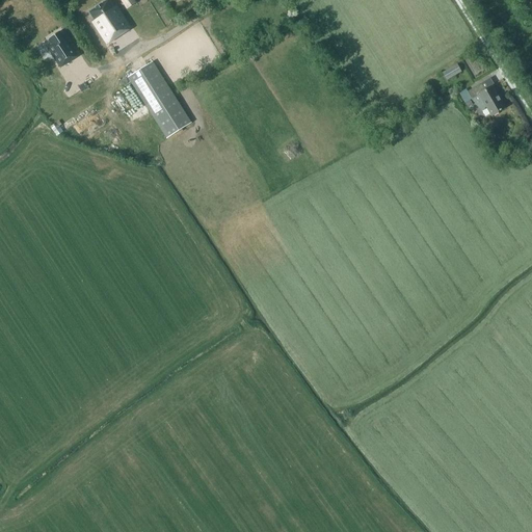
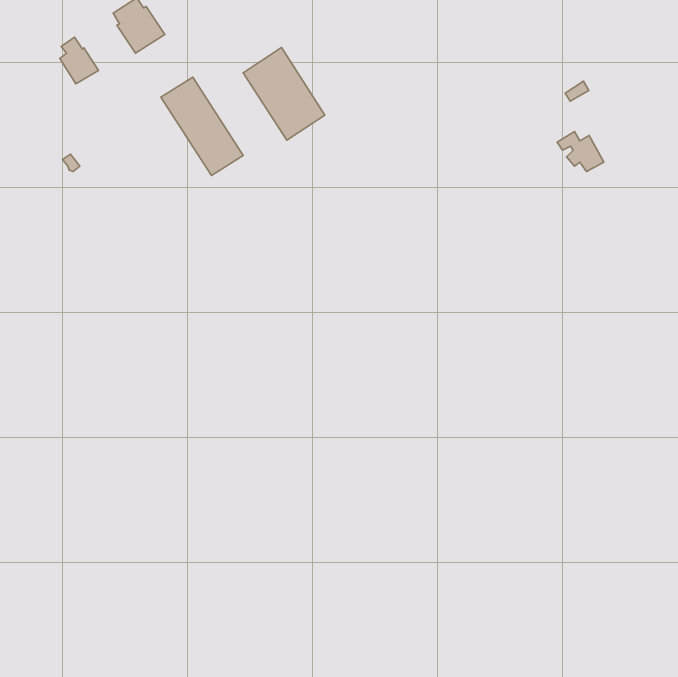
building: none -> [243,48,325,140]
building: [467,83,503,114] -> [557,132,604,172]

